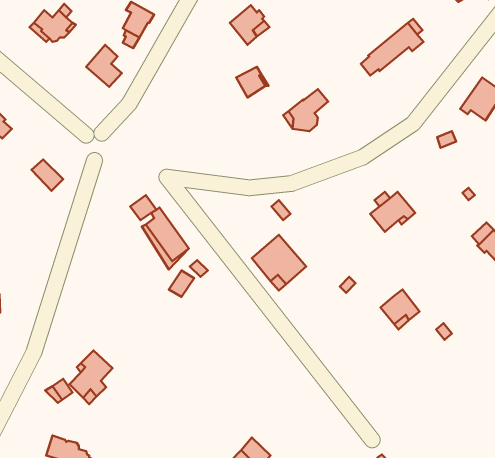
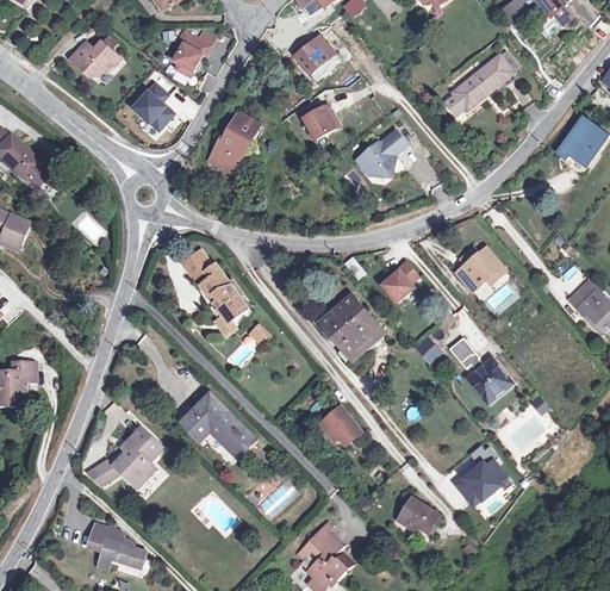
building: none -> [214,112,259,173]
building: none -> [381,261,418,301]
building: none -> [448,337,483,371]
building: none -> [183,396,253,455]
building: none -> [320,406,361,446]
building: none -> [454,443,505,504]
building: none -> [398,498,440,533]

